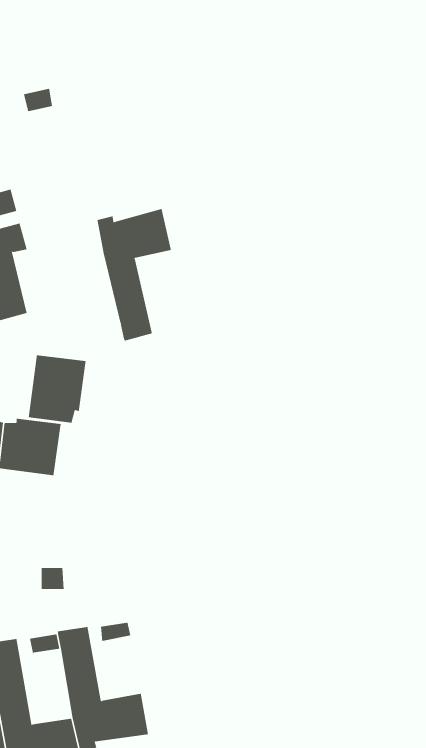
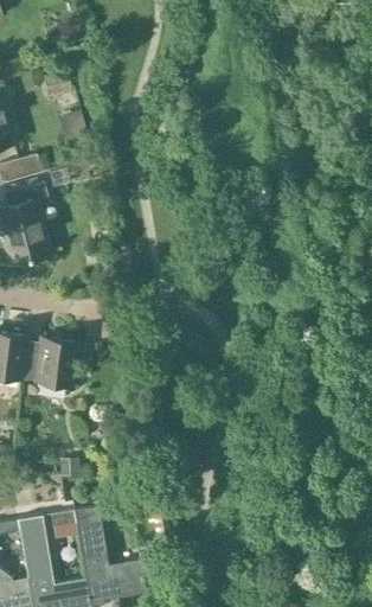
building: [97,208,172,342] -> none
building: [28,355,86,424] -> none

